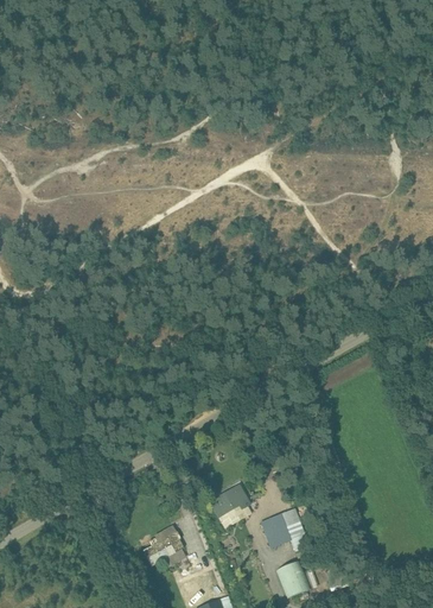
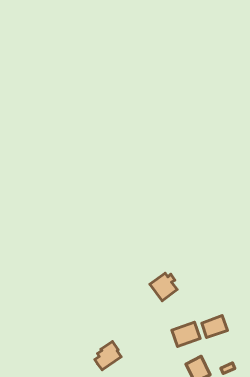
building: [211,487,250,527] -> [150,273,177,301]
building: none -> [202,316,227,338]

